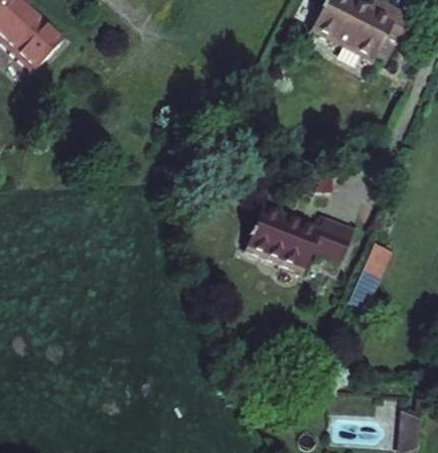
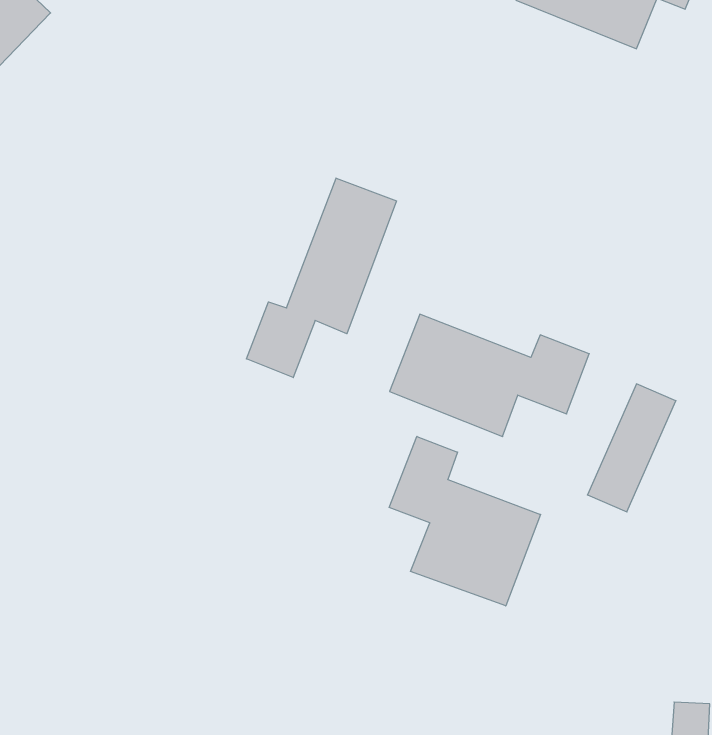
building: none -> [246,178,397,378]
building: none -> [389,436,541,606]

